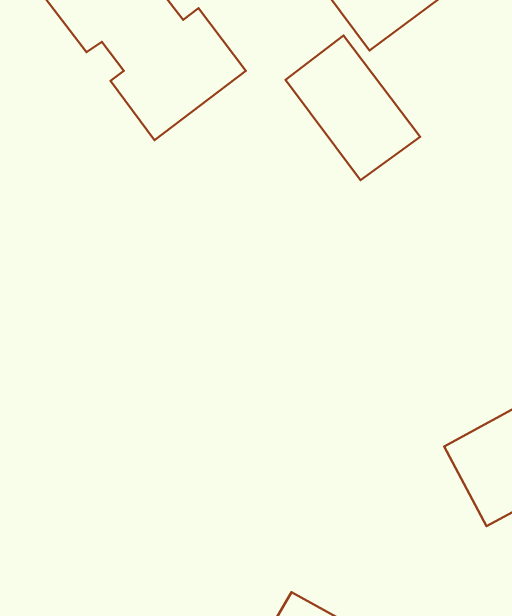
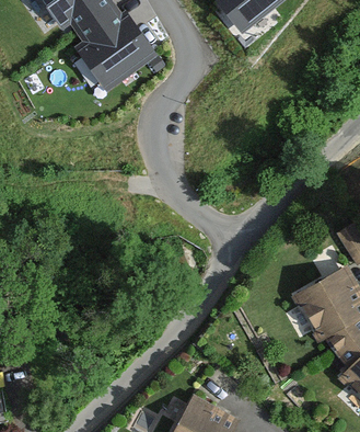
building: [285,36,420,180] -> none

